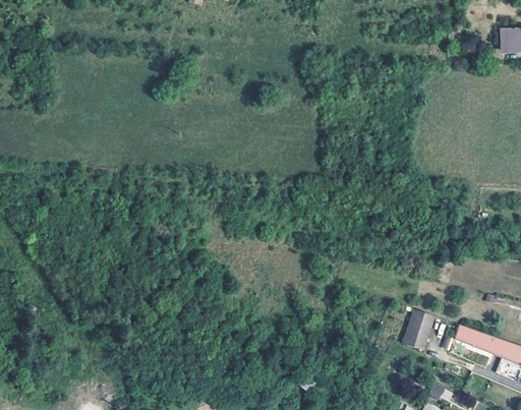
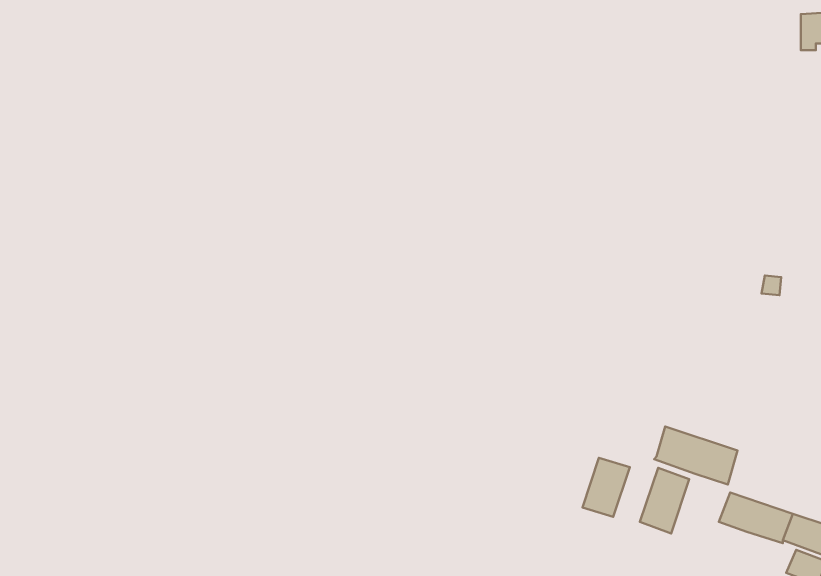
building: none -> [654,427,737,484]
building: none -> [582,458,630,517]

